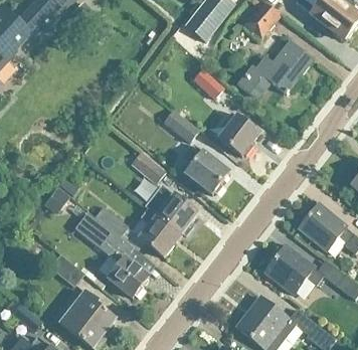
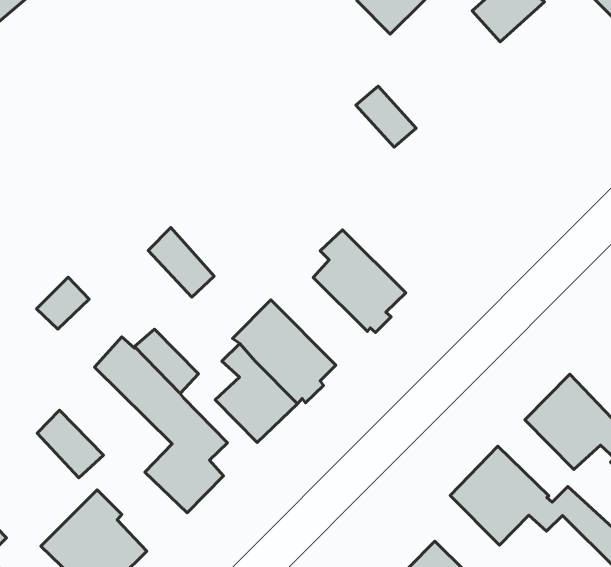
building: [237,41,313,100] -> none
building: [164,110,199,142] -> none
building: [219,113,259,156] -> none
building: [132,151,167,185] -> [148,227,214,297]

